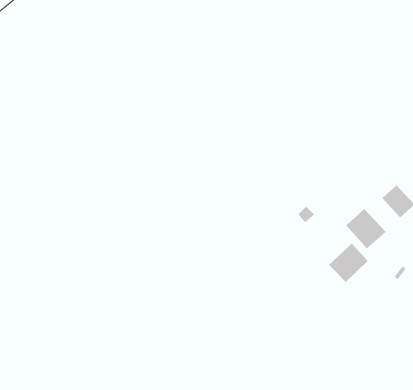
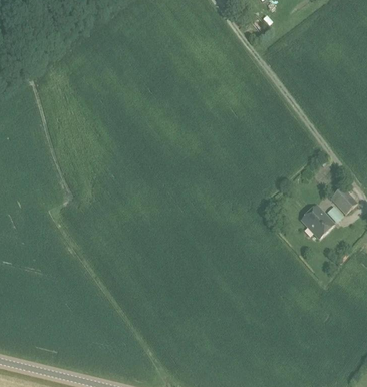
building: [328,243,369,283] -> none

